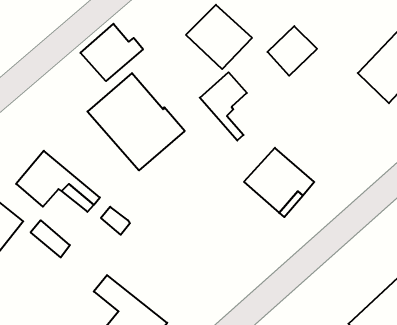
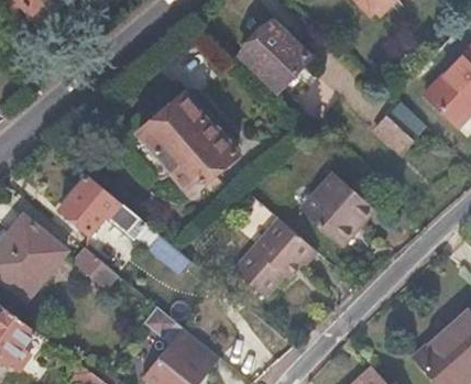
building: [80,24,143,81] -> none
building: [267,26,317,76] -> [376,105,429,157]
building: [200,72,247,141] -> none
building: none -> [238,216,318,293]

